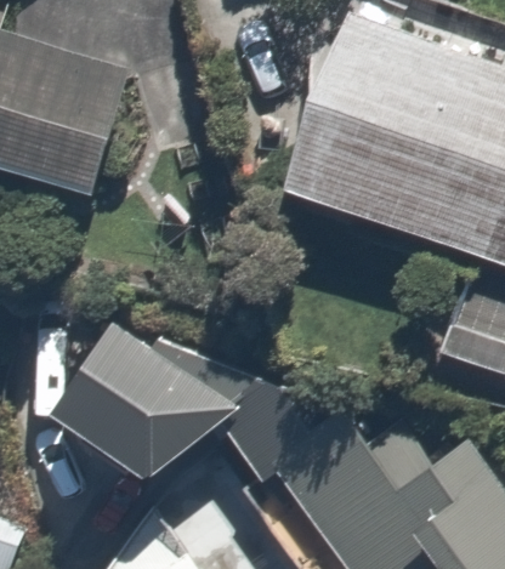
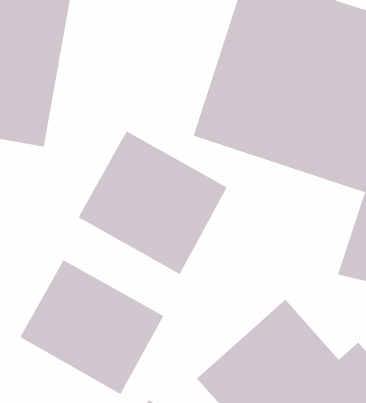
building: none -> [78,131,228,275]

